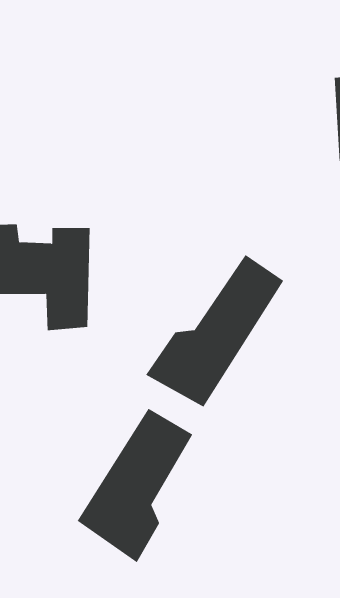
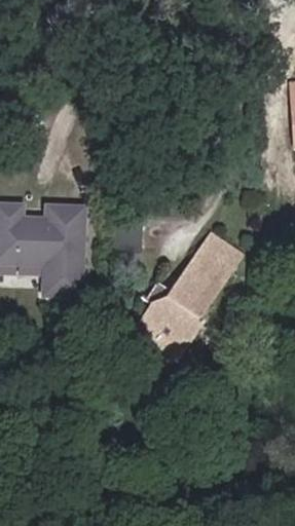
building: [77,408,193,563] -> none

